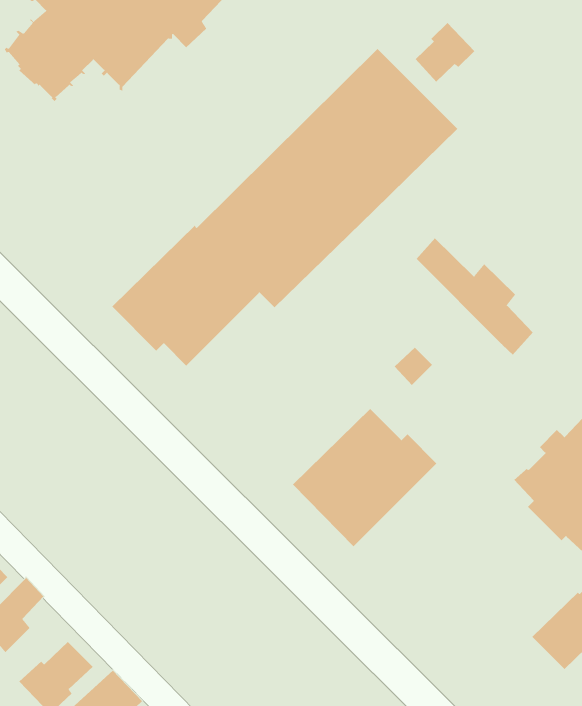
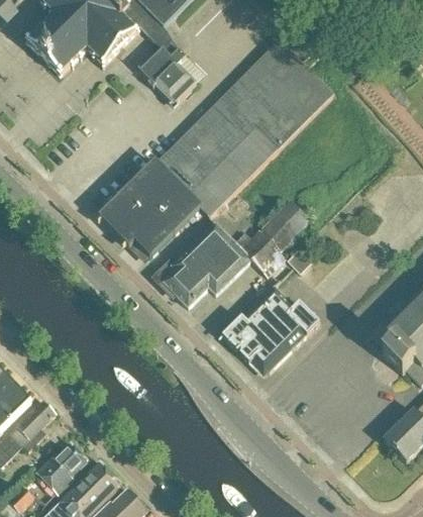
building: [415,22,475,82] -> none
building: none -> [139,27,196,106]
building: [416,238,534,356] -> none
building: none -> [163,202,307,306]

